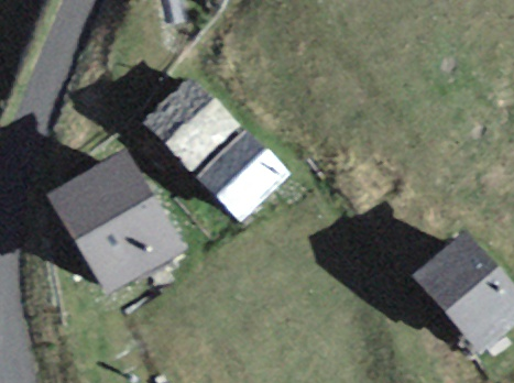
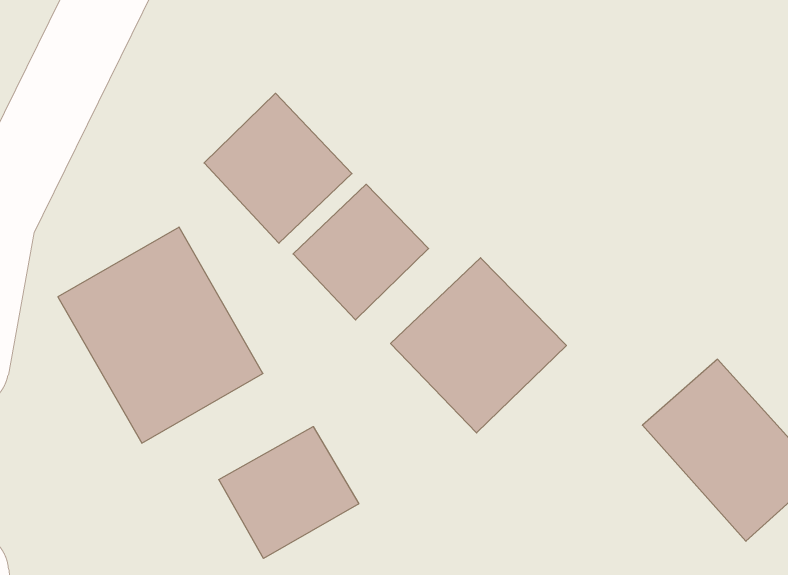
building: none -> [391,258,566,433]
building: none -> [219,427,359,558]

